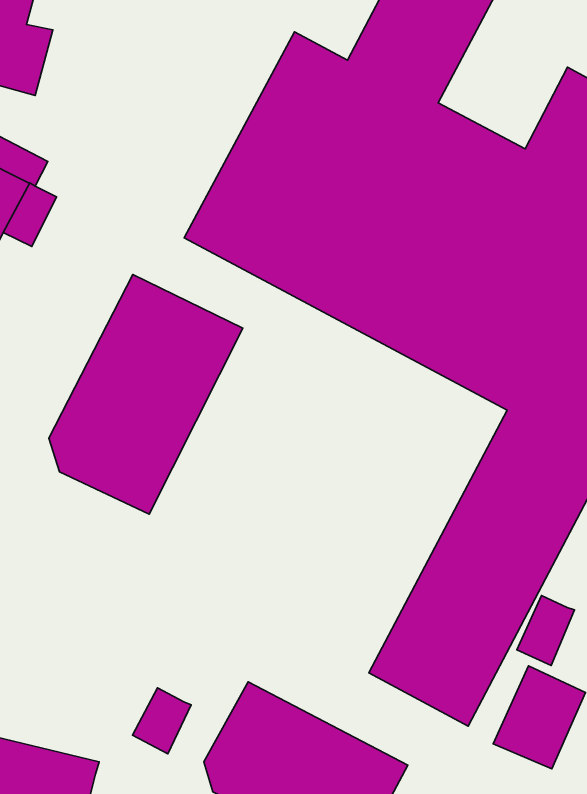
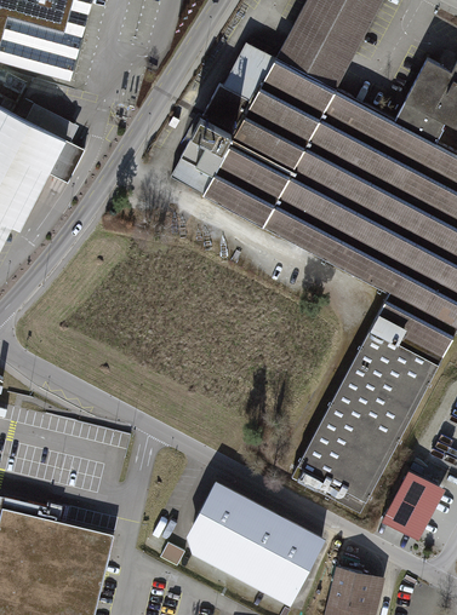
building: [49,274,243,514] -> none
building: [517,596,574,665] -> none
building: [133,688,191,754] -> none

